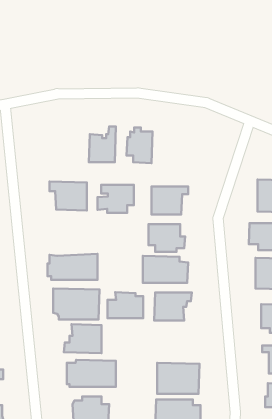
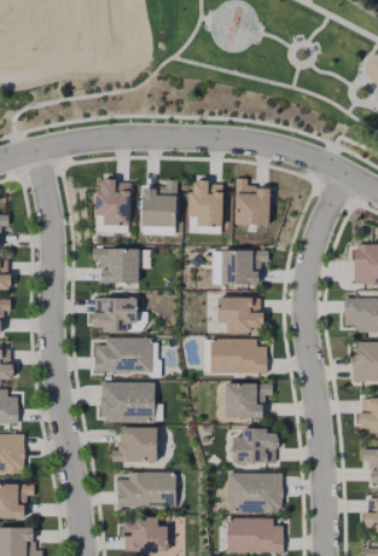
building: none -> [97,176,129,222]
building: none -> [235,176,269,222]
building: [97,185,134,213] -> [92,296,138,331]
building: [108,292,143,318] -> [232,432,277,464]

